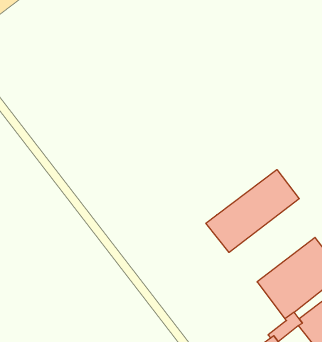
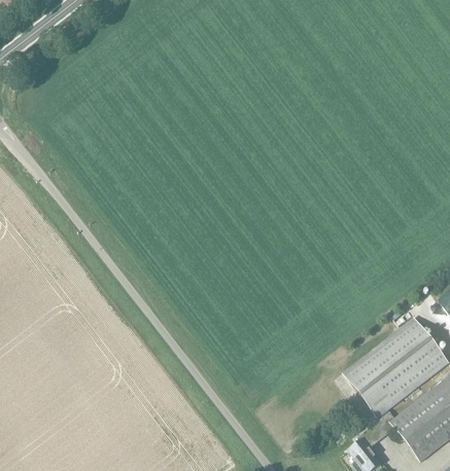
building: [206,170,299,252] -> none

